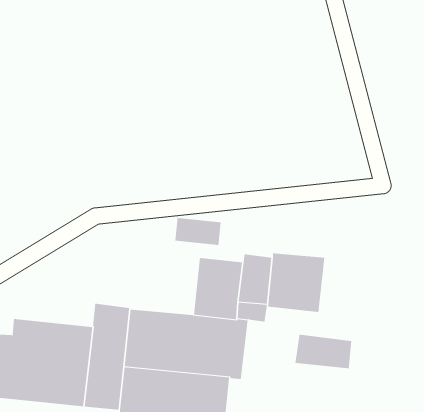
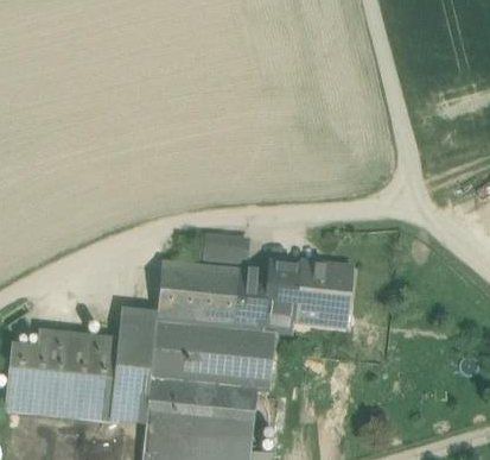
building: none -> [155,263,225,327]
building: [295,334,352,369] -> none

